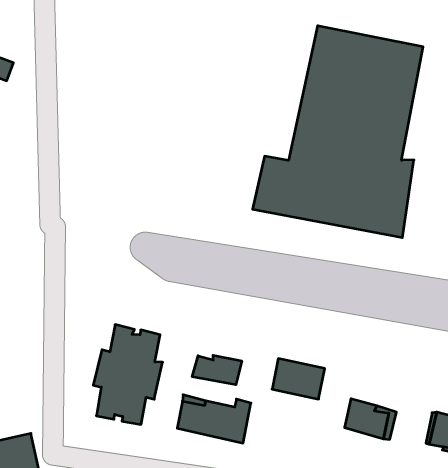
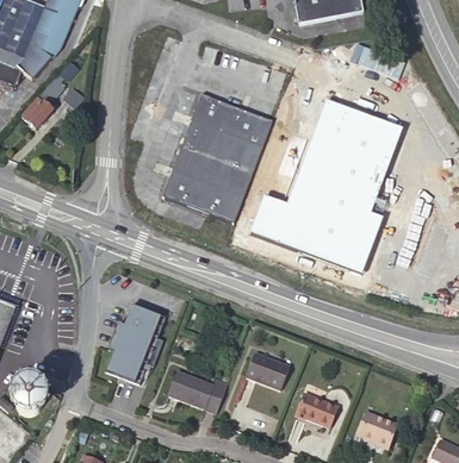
building: none -> [161,94,271,224]
building: [192,355,242,385] -> none

